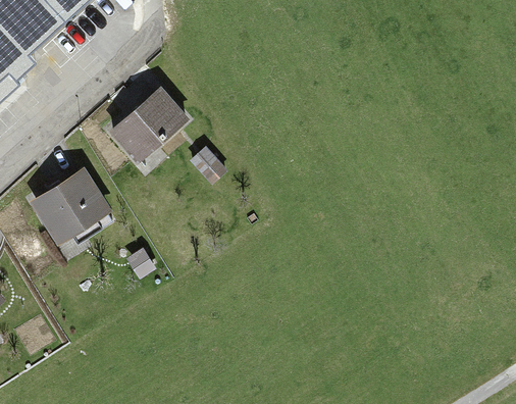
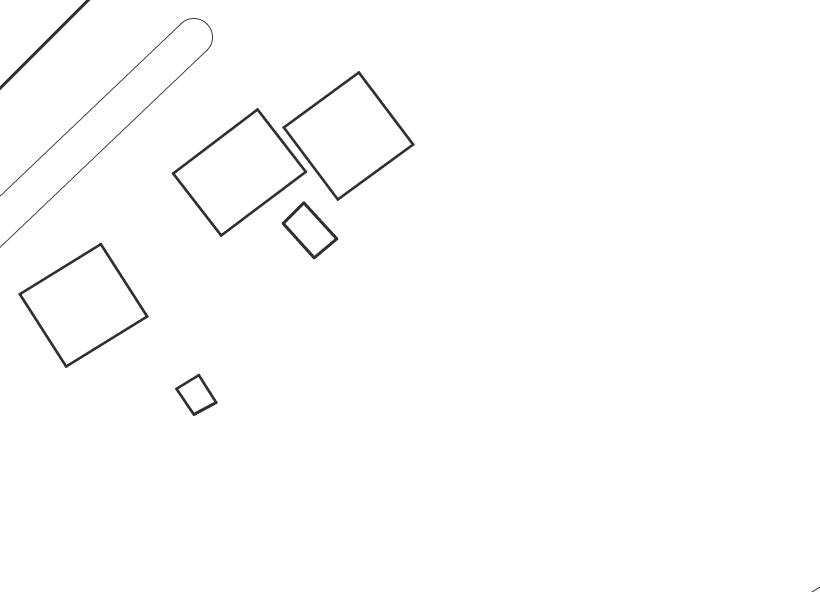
building: none -> [284,73,413,199]

